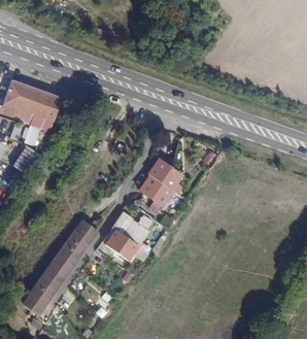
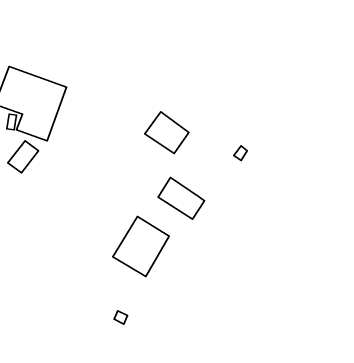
building: [150,159,187,194] -> [145,112,189,153]
building: [24,222,93,310] -> none

